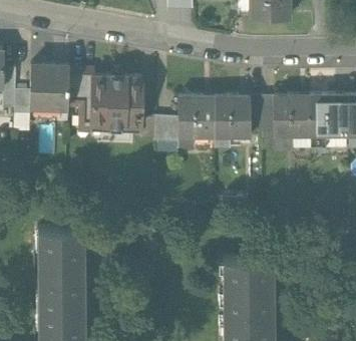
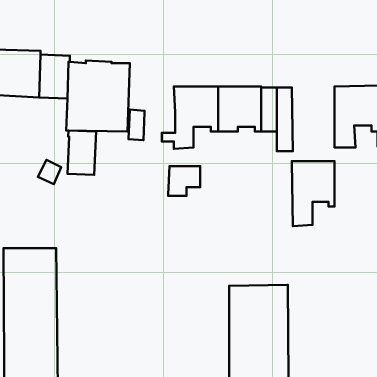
building: [276,96,311,149] -> [292,161,335,226]
building: [154,117,181,141] -> [168,166,200,196]
building: none -> [68,130,96,175]

